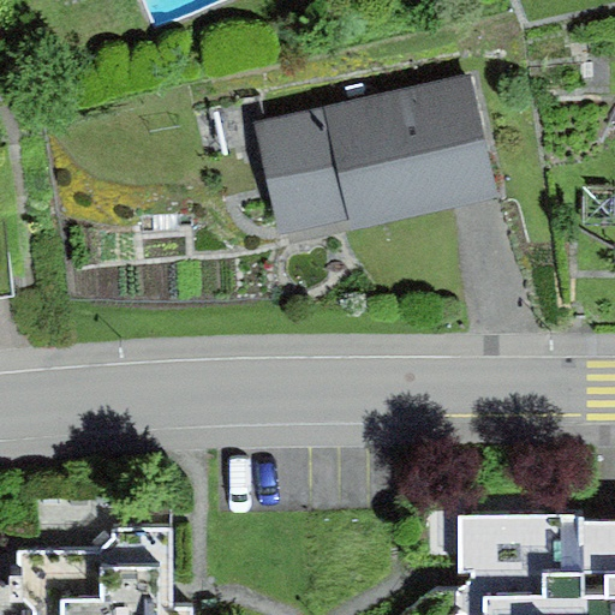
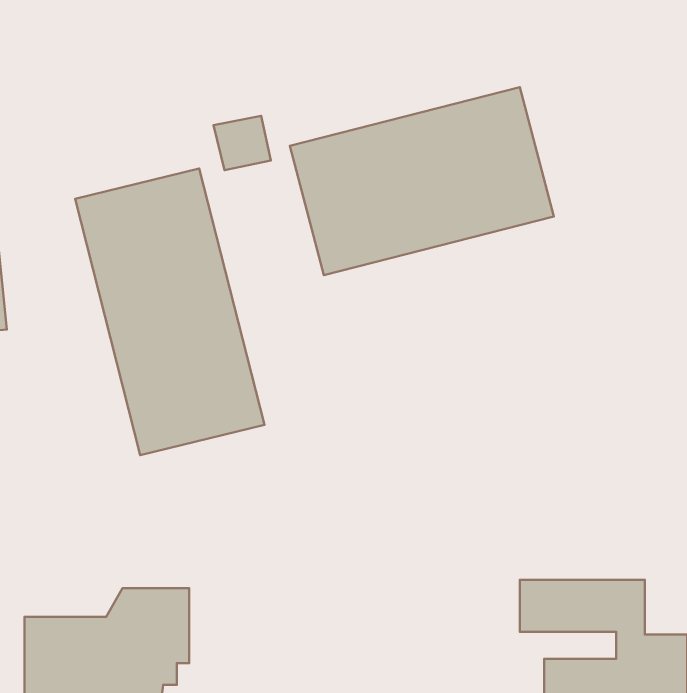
building: none -> [75,168,264,455]

